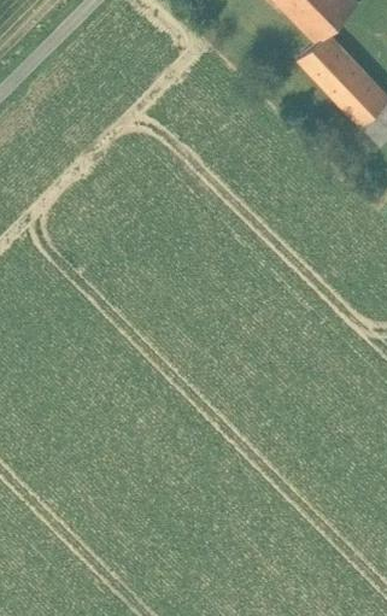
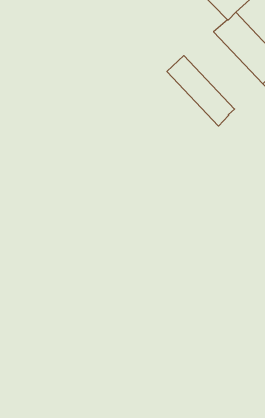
building: none -> [167,56,235,126]

